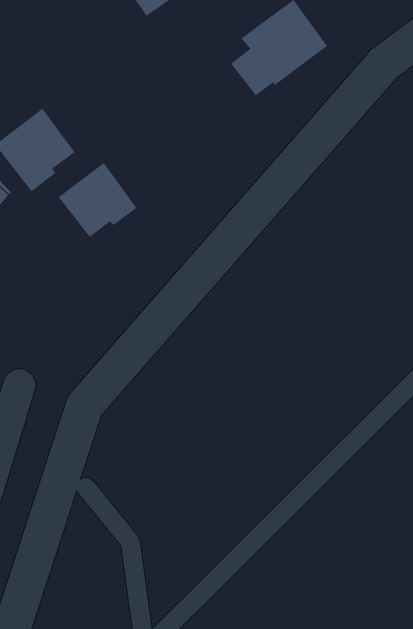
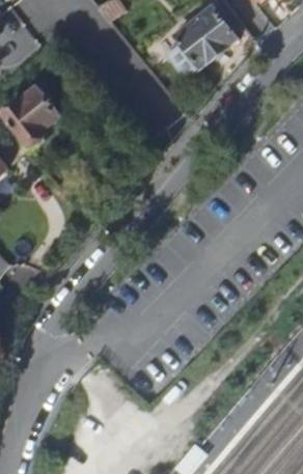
building: [58,162,137,238] -> none

